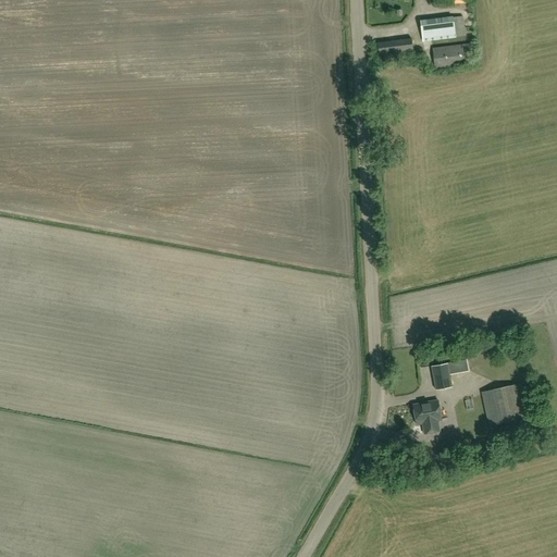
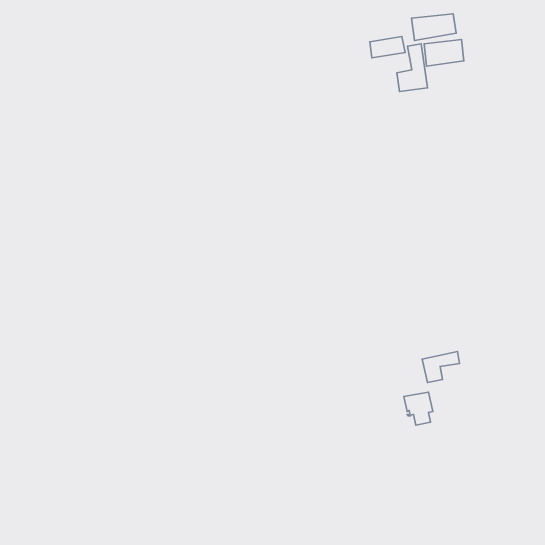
building: none -> [397,44,428,91]
building: [480,381,529,424] -> none

